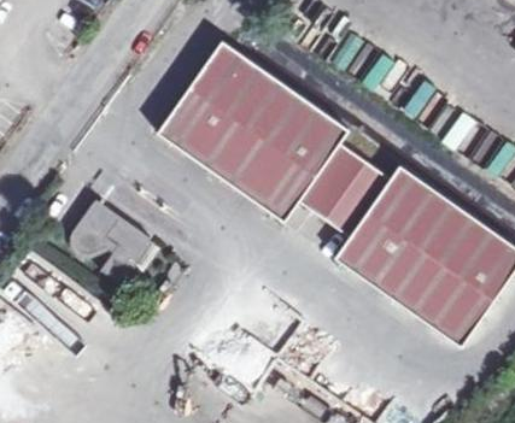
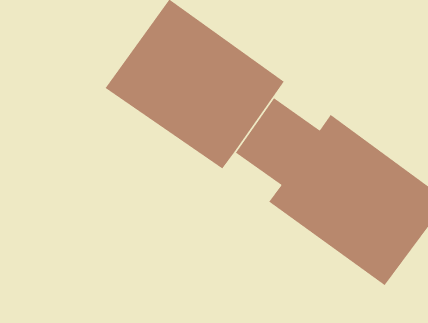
building: [74,200,150,283] -> none

